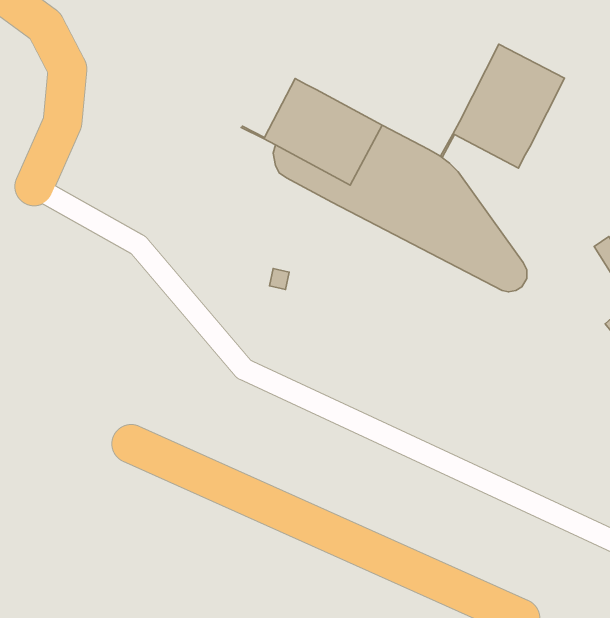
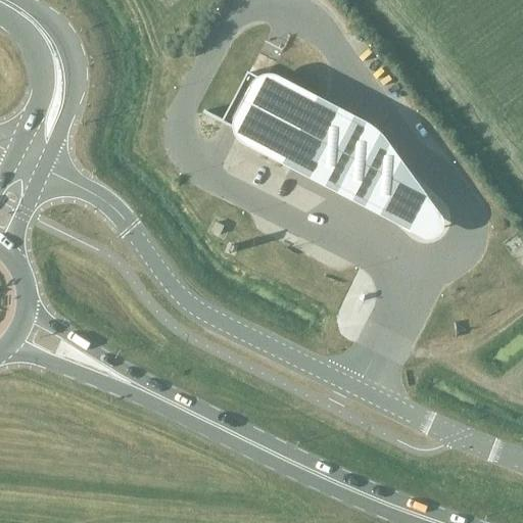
building: [441,44,565,168] -> none

